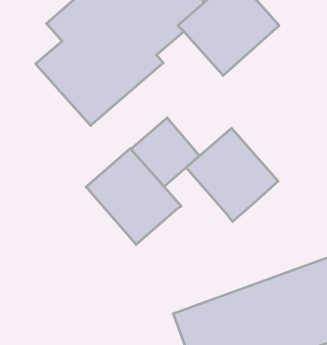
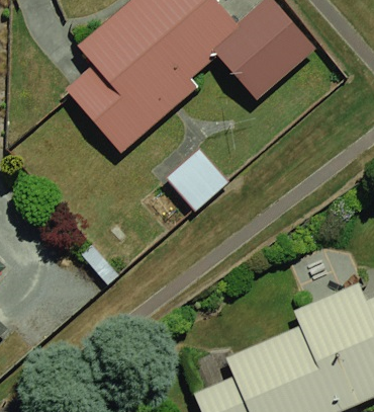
building: [186,128,278,222] -> none
building: [86,148,181,245] -> none

